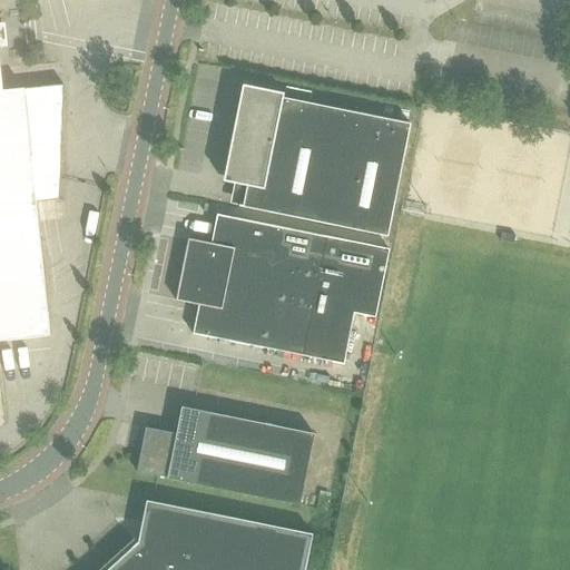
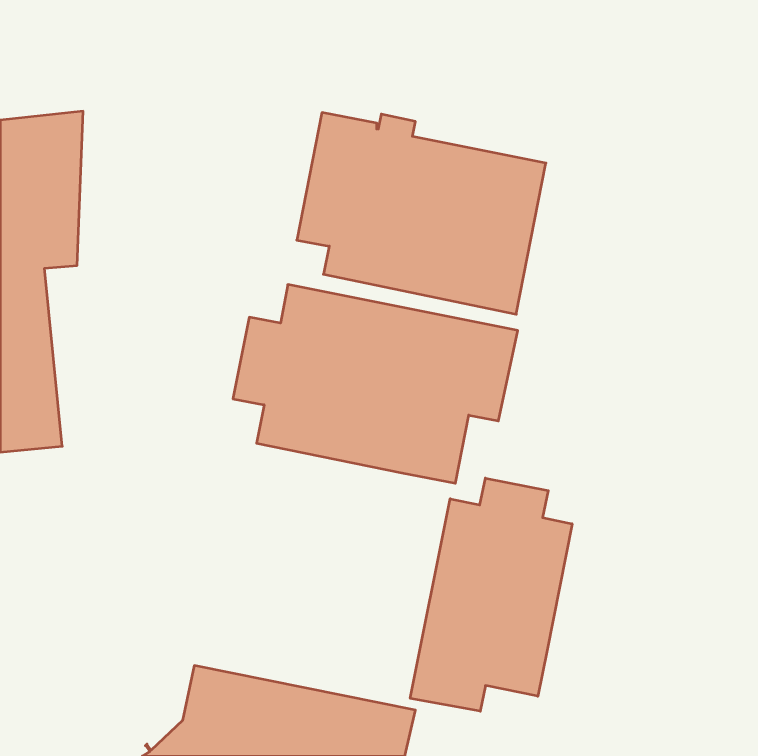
building: none -> [410,478,572,711]
building: [136,406,313,504] -> none

